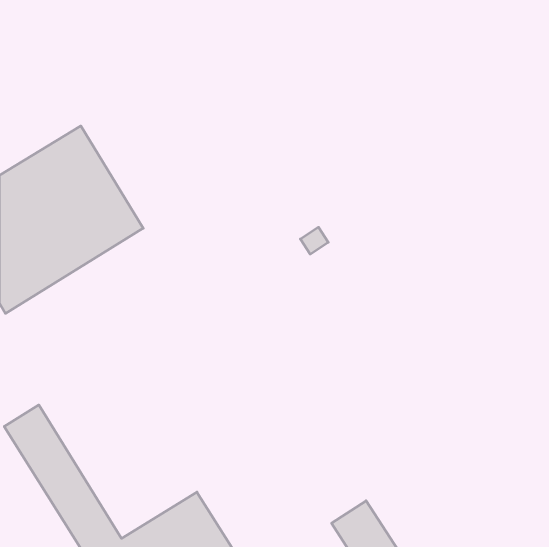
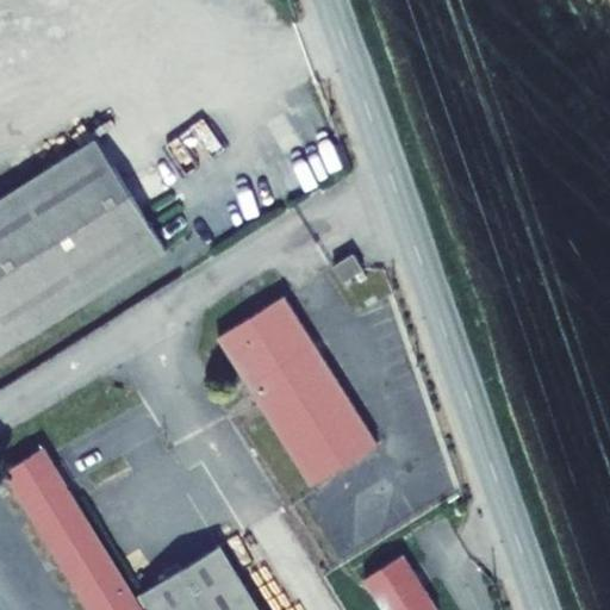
building: none -> [218,297,376,485]

